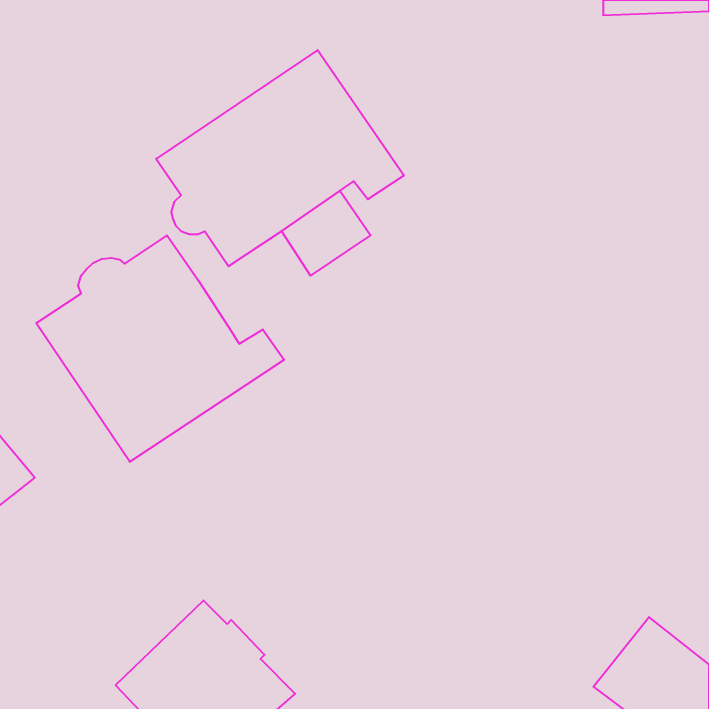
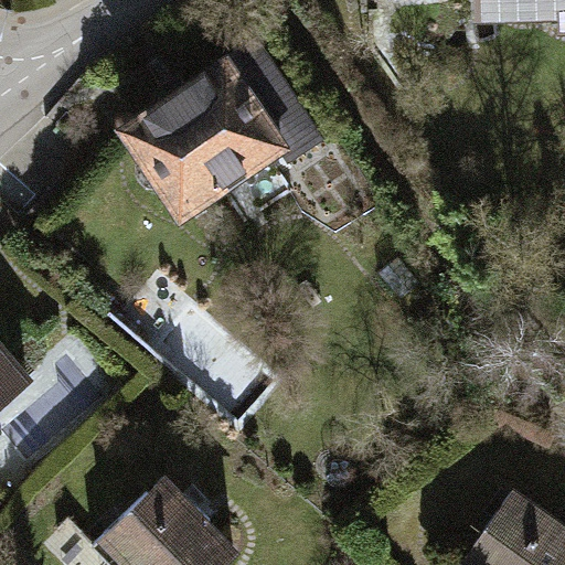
building: [36,235,284,462] -> none

